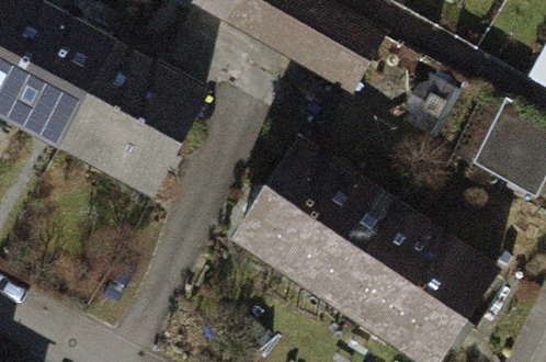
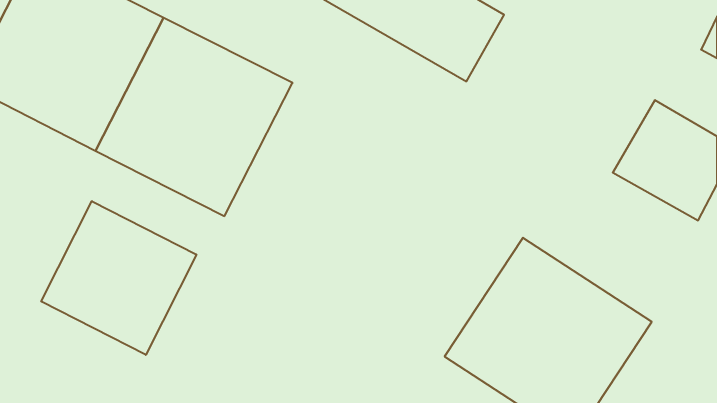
building: [239,146,396,299] -> none
building: none -> [41,201,196,355]

